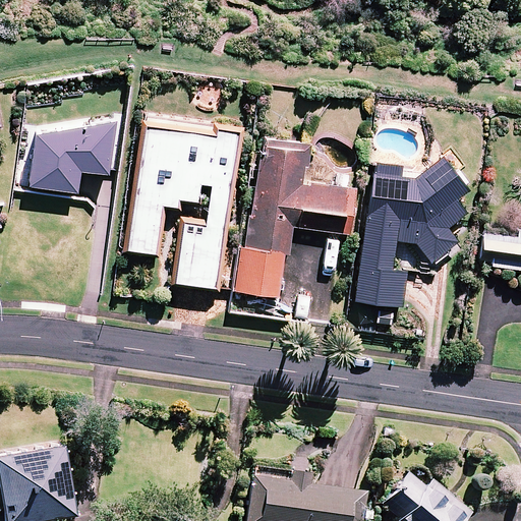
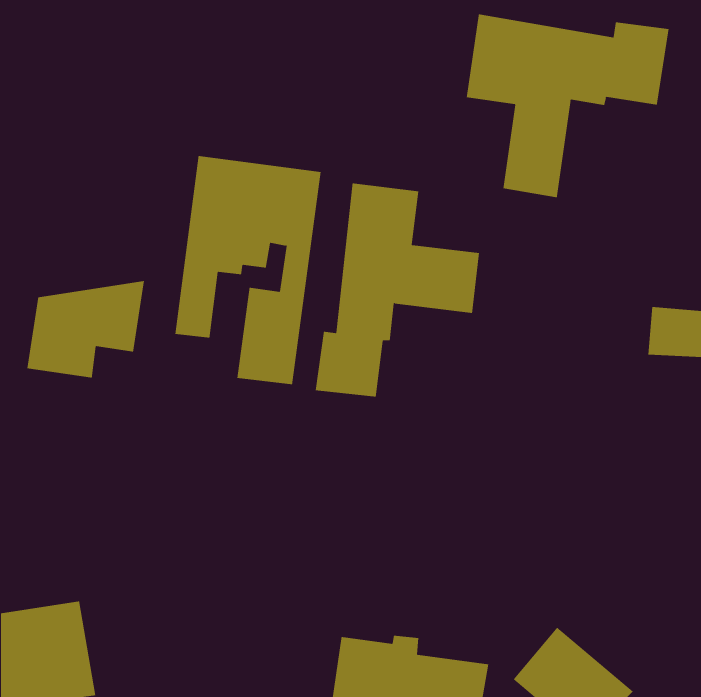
building: none -> [466,14,669,198]
building: [28,120,116,192] -> [27,281,145,378]
building: [355,158,469,307] -> none

